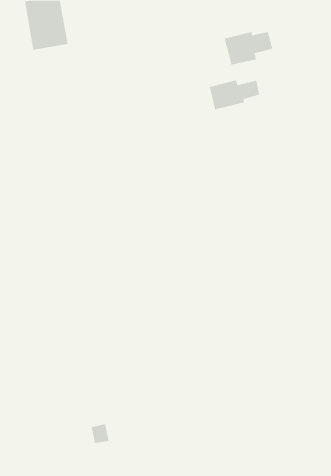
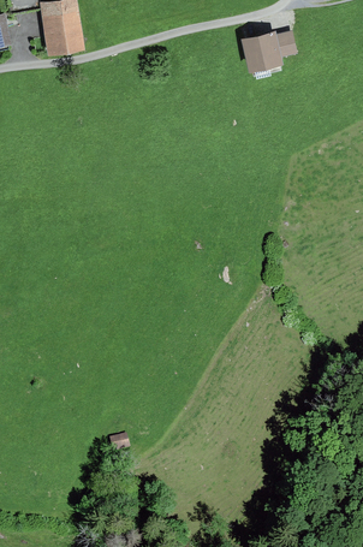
building: [209,79,260,110] -> none

